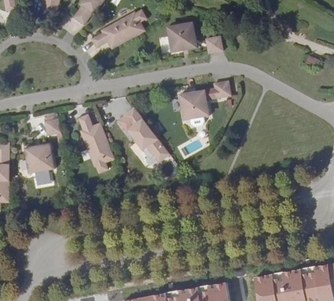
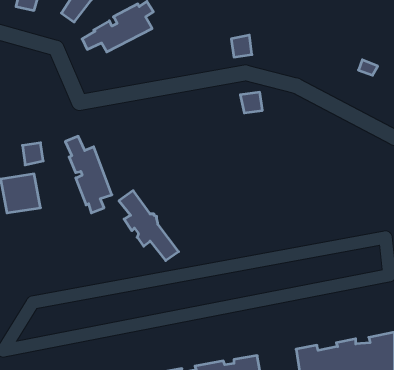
building: [168,19,198,49] -> none
building: [180,92,211,122] -> none
building: [123,106,169,160] -> [119,191,179,261]

